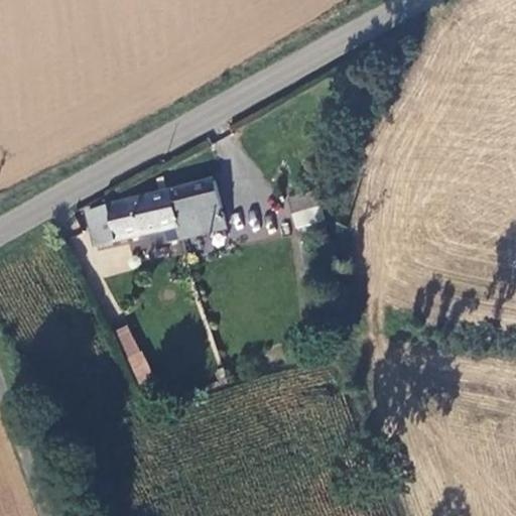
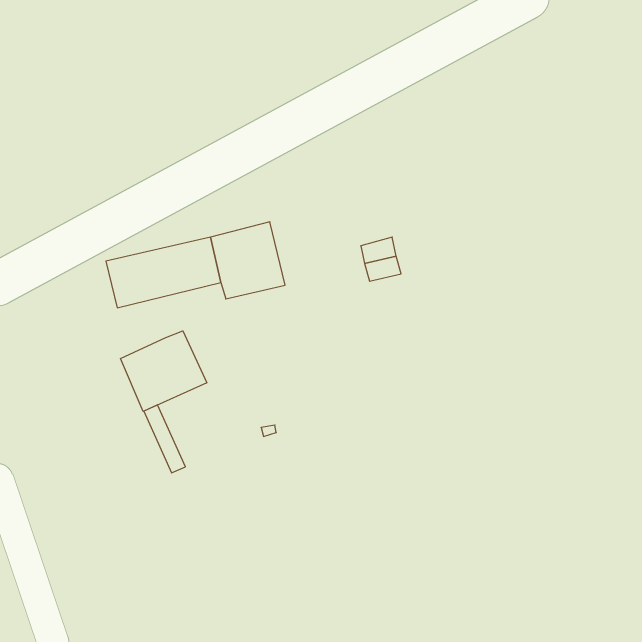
building: none -> [121,331,207,411]

